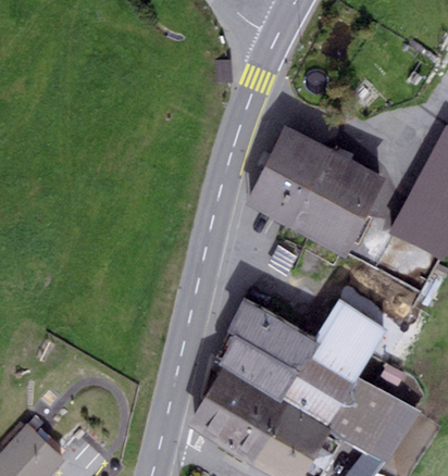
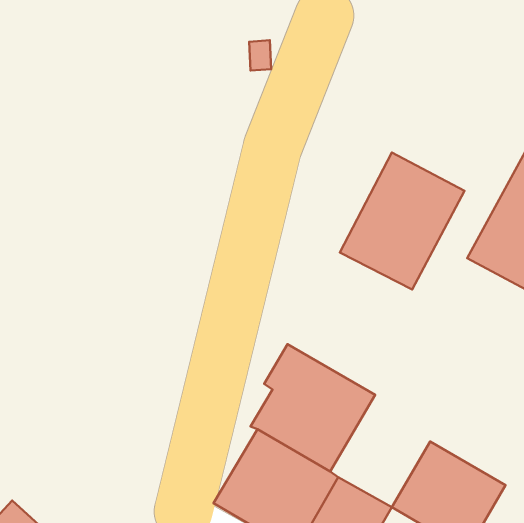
building: [245,125,328,226] -> none
building: [279,299,388,428] -> none

